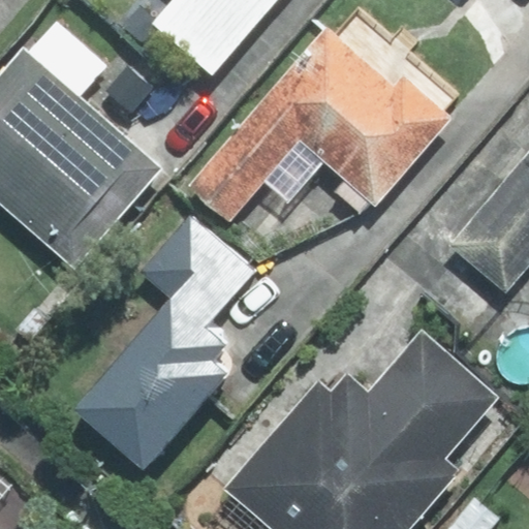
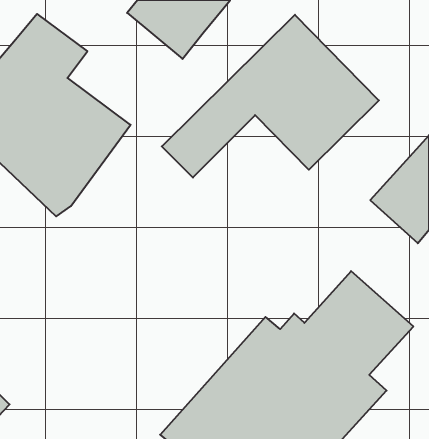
building: [79,213,255,469] -> none

